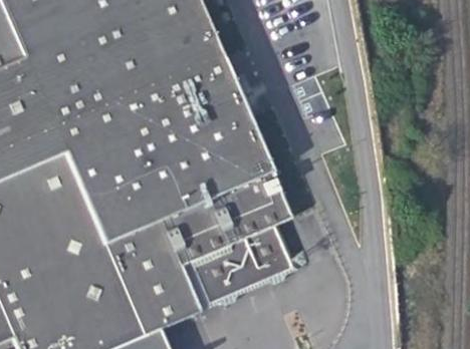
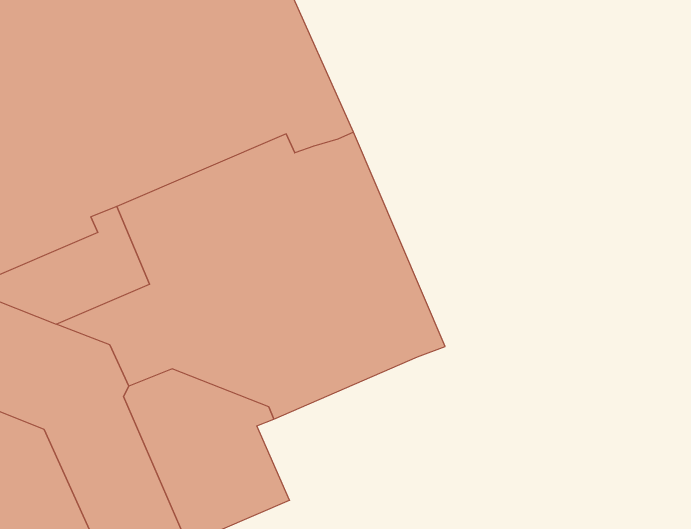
building: [182,223,294,306] -> none

